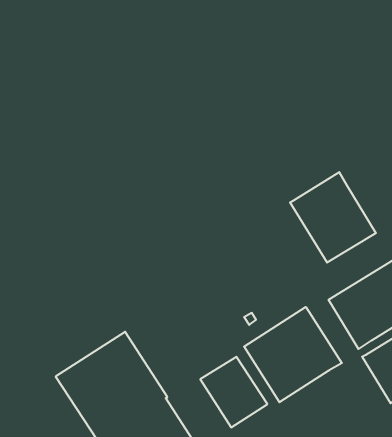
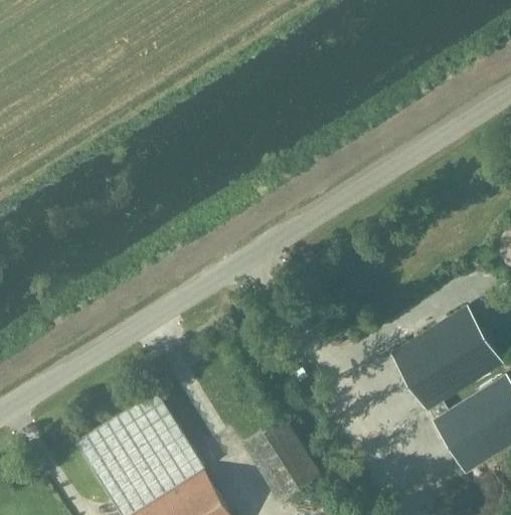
building: [290,172,376,263] -> none
building: [244,307,342,402] -> none

